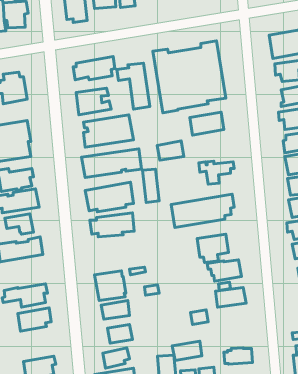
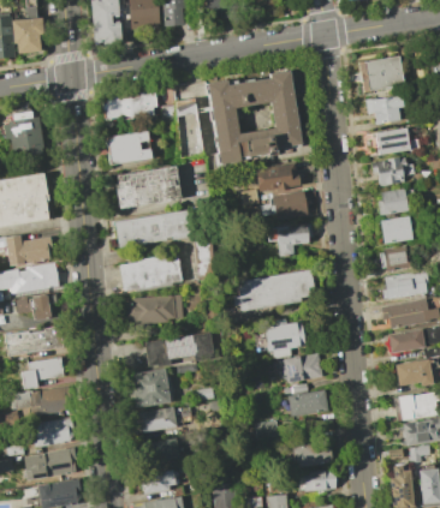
building: [157,141,184,160] -> [272,190,307,215]
building: none -> [145,331,214,367]
building: none -> [22,357,64,389]
building: none -> [24,448,77,480]
building: [172,341,202,361] -> [293,441,332,466]

